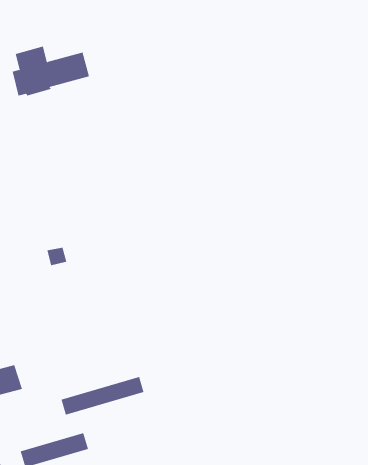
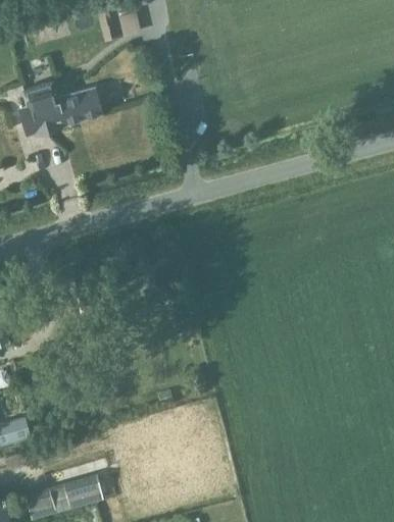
building: [61,376,144,415] -> none

